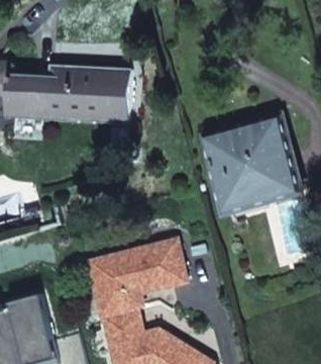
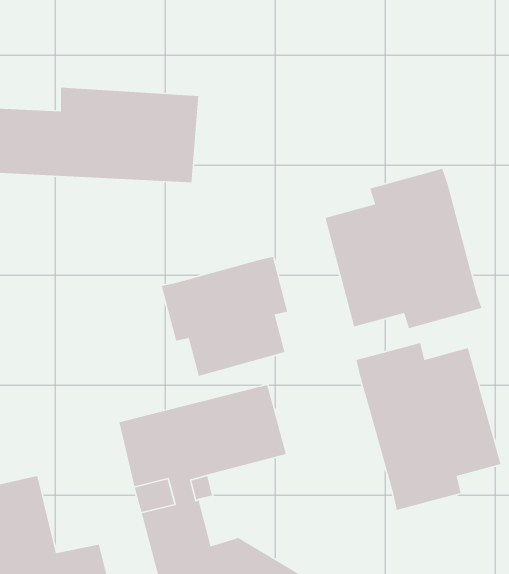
building: none -> [161,256,288,377]
building: none -> [356,342,502,511]

